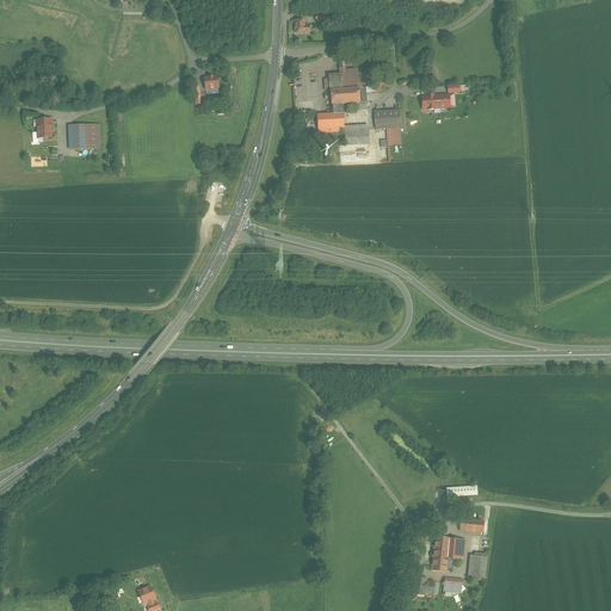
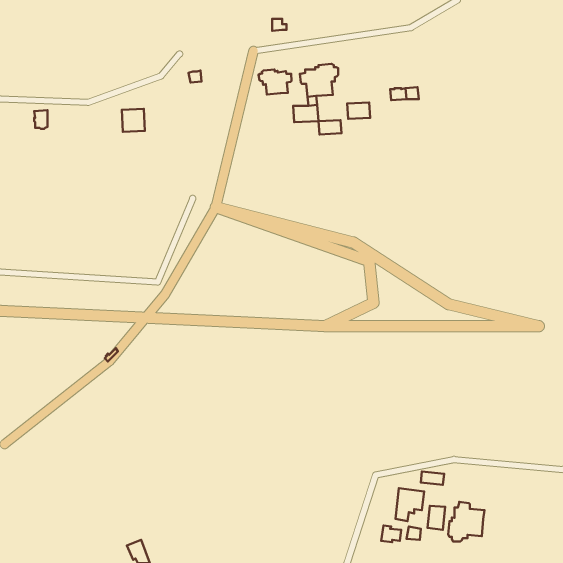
building: none -> [259,70,291,95]
building: [73,125,98,150] -> [122,109,145,132]
building: none -> [448,502,484,542]

